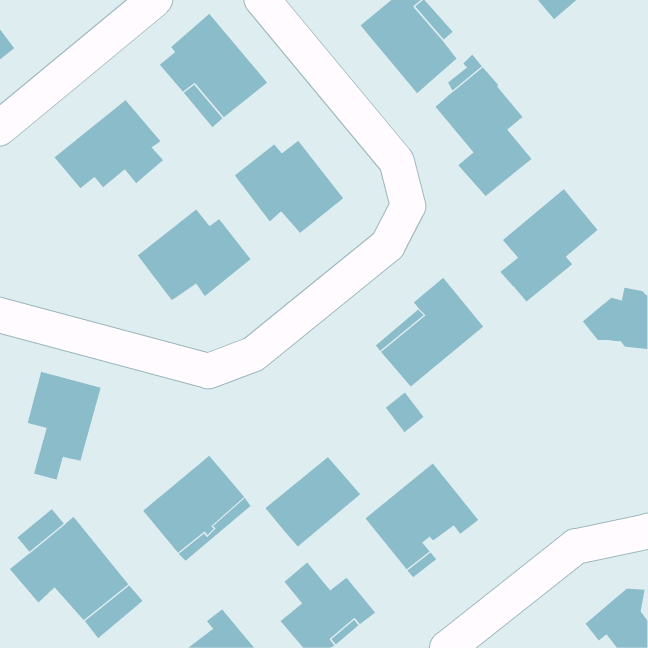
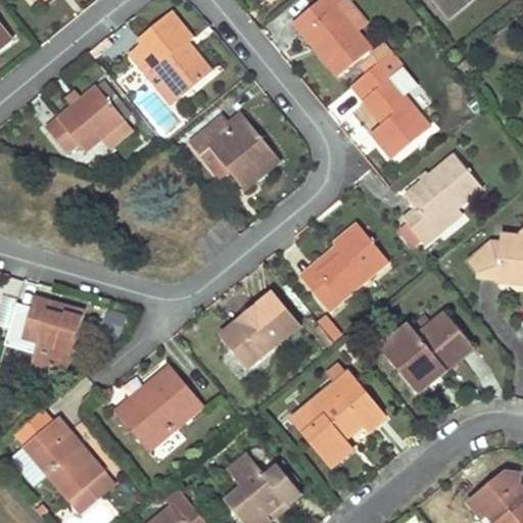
building: [137,209,252,301] -> none
building: none -> [383,313,473,390]
building: [265,456,361,548] -> [222,292,299,366]

